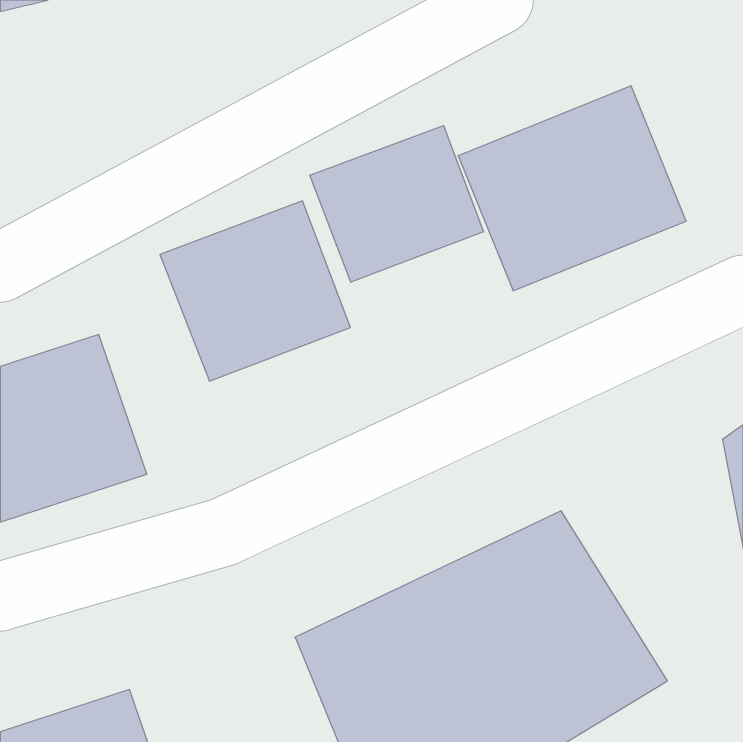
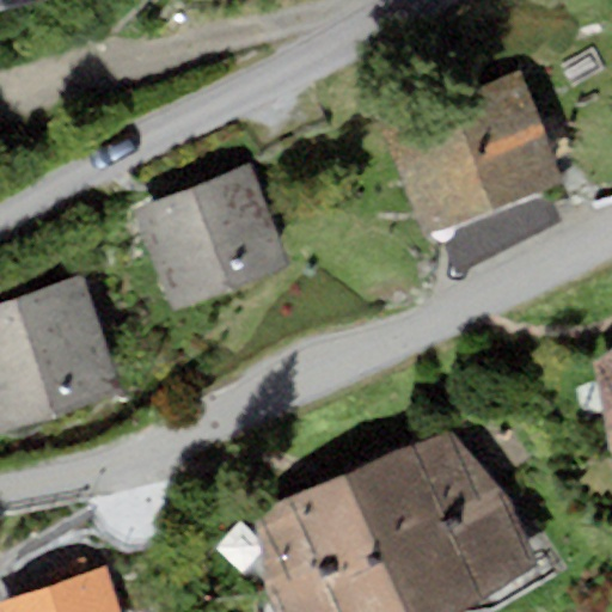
building: [310,126,484,282] -> none

